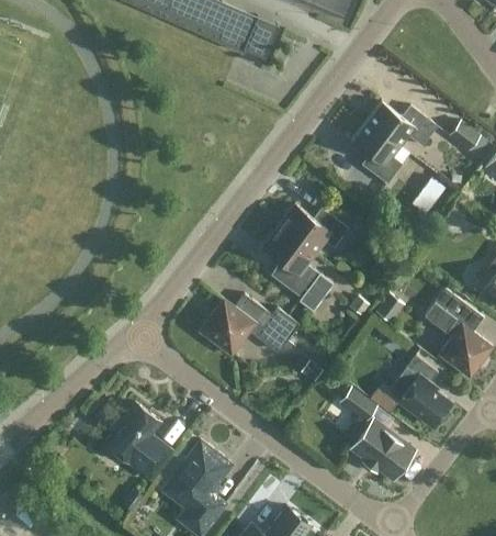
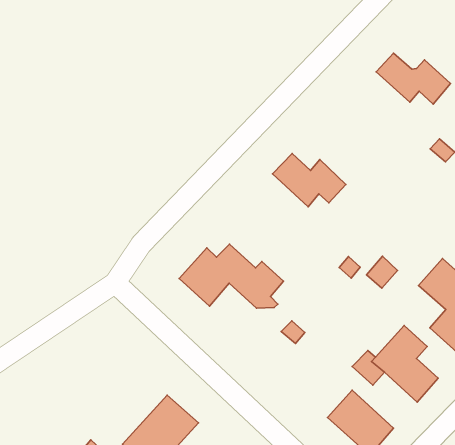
building: [352,121,403,183] -> none
building: [262,225,332,311] -> none
building: [339,387,376,422] -> none
building: [104,402,169,478] -> none

